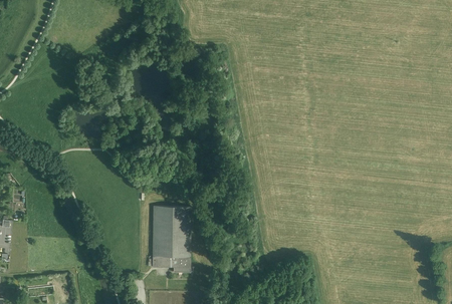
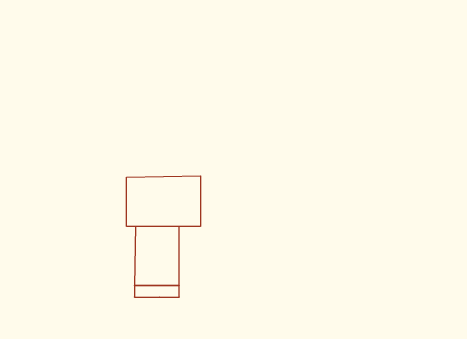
building: none -> [127,176,200,226]

